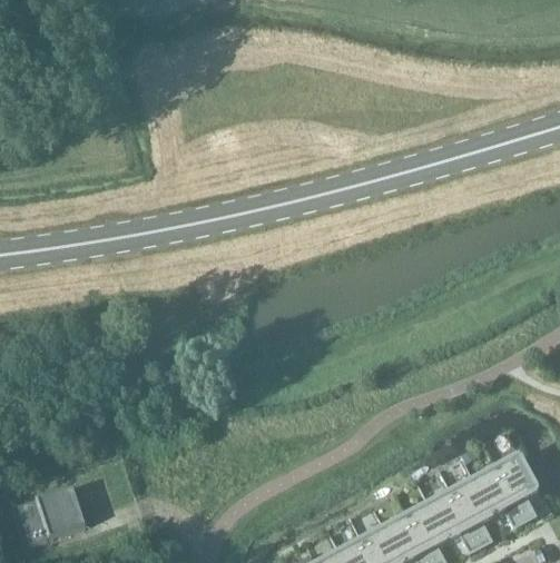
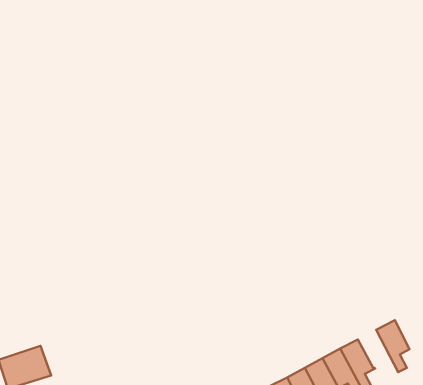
building: [472,466,523,525] -> none

